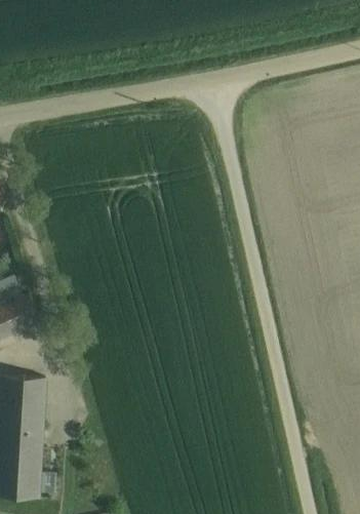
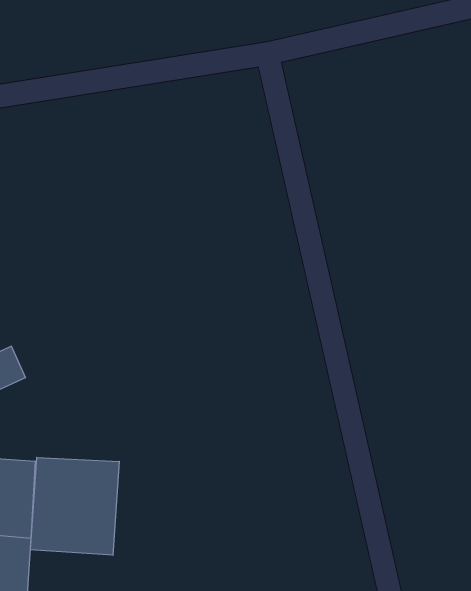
building: none -> [31,457,119,555]

